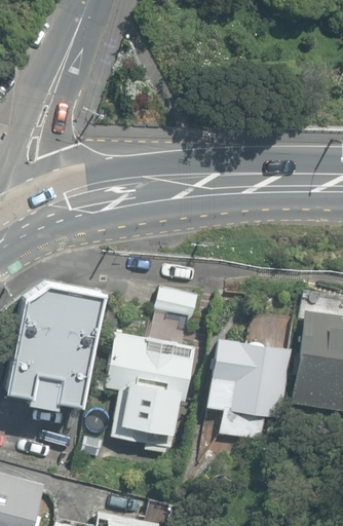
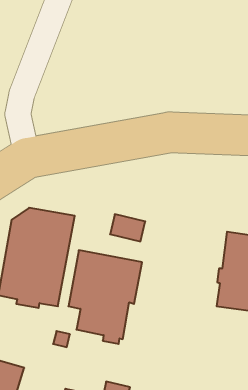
building: [204,337,291,440] -> none

